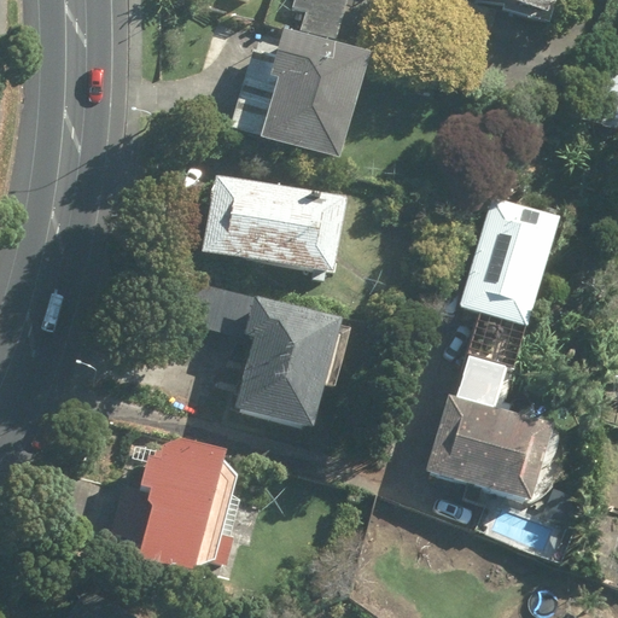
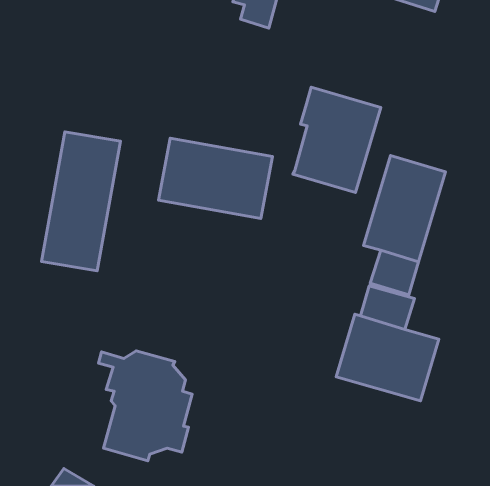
building: [260,29,369,161] -> [293,87,381,193]
building: none -> [42,132,120,271]
building: [182,276,343,431] -> none

